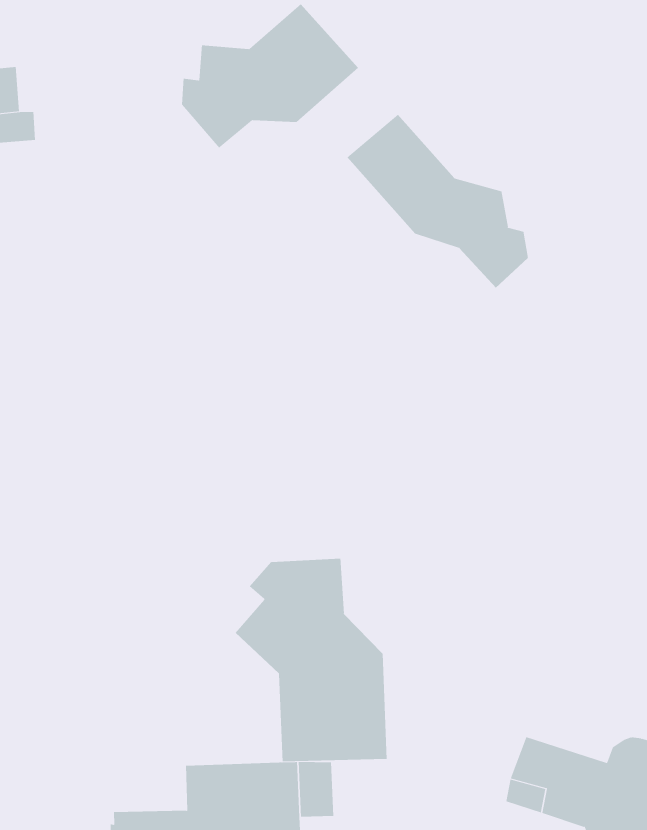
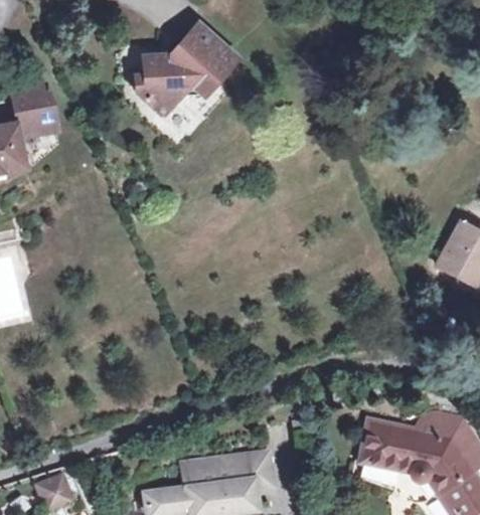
building: [347,114,528,289] -> none
building: [235,558,387,762] -> none

